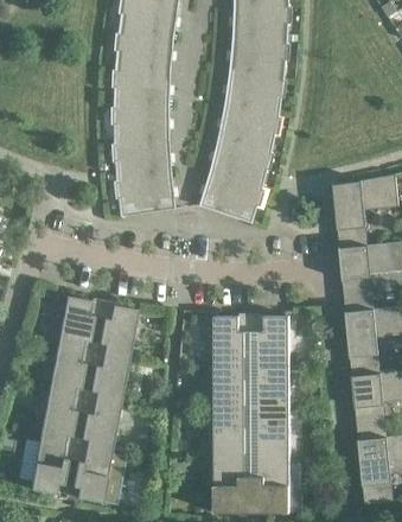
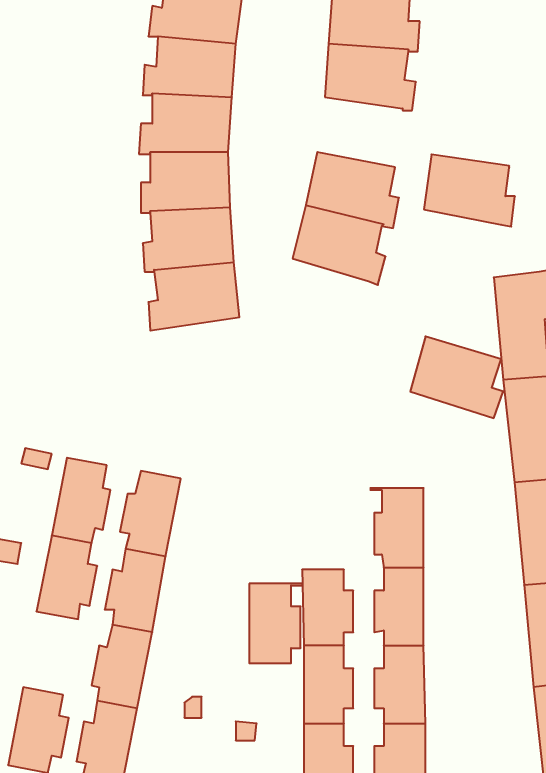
building: [223,71,280,116] -> [424,154,515,227]
building: [198,172,256,223] -> [410,336,503,418]
building: [213,317,247,367] -> [249,584,302,663]
building: [39,393,76,445] -> none

